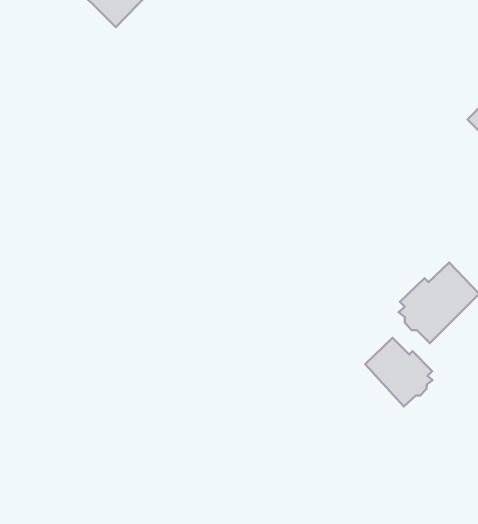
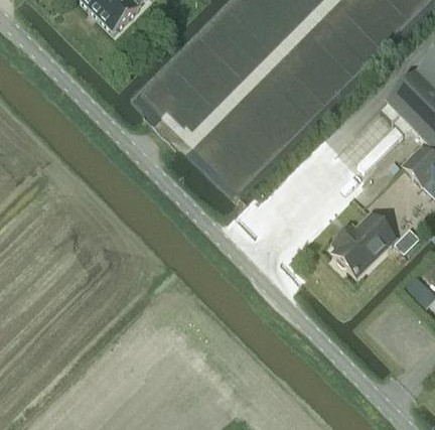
building: [365,338,433,407] -> none

